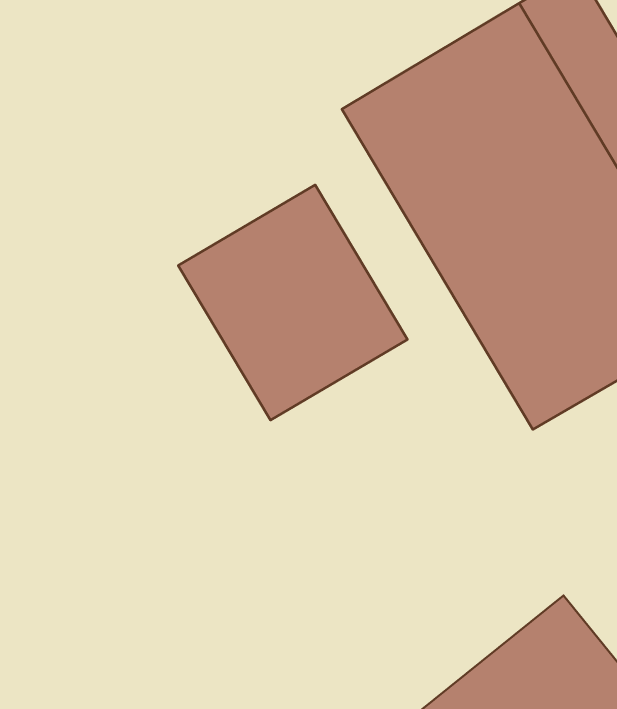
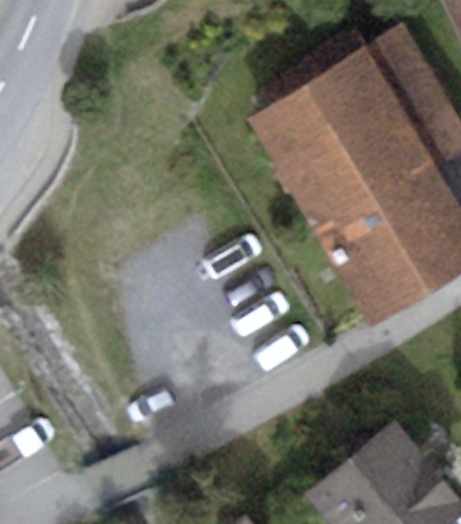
building: [178,185,407,420] -> none

